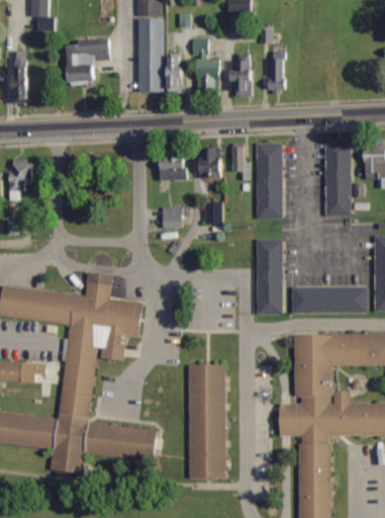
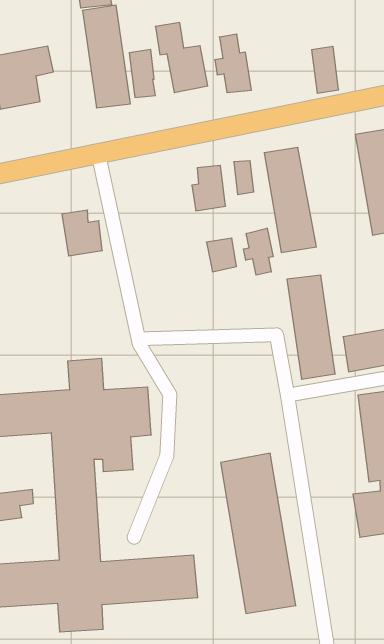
building: [269,59,286,91] -> [312,46,339,93]
building: [161,149,187,180] -> [62,210,102,256]
building: none -> [243,228,273,275]
building: [162,206,183,229] -> none

